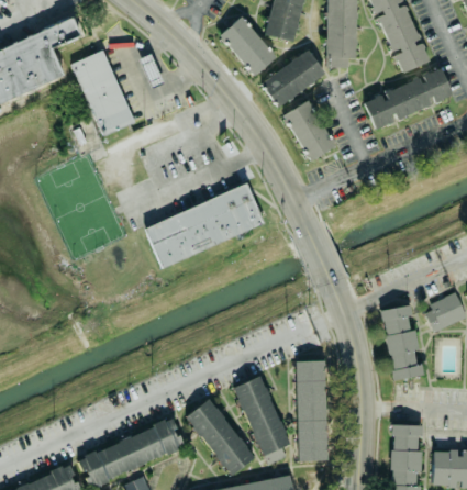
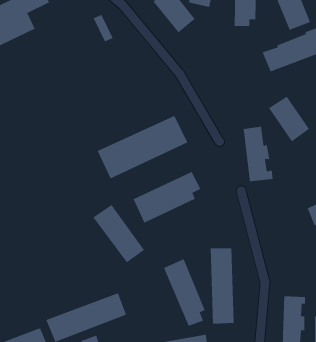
building: [73,48,134,134] -> none
building: [259,49,325,107] -> none
building: [281,100,336,162] -> [268,96,310,142]
building: none -> [133,171,201,224]
building: [382,305,423,379] -> [243,126,273,182]
building: [185,398,254,476] -> [93,204,145,263]

